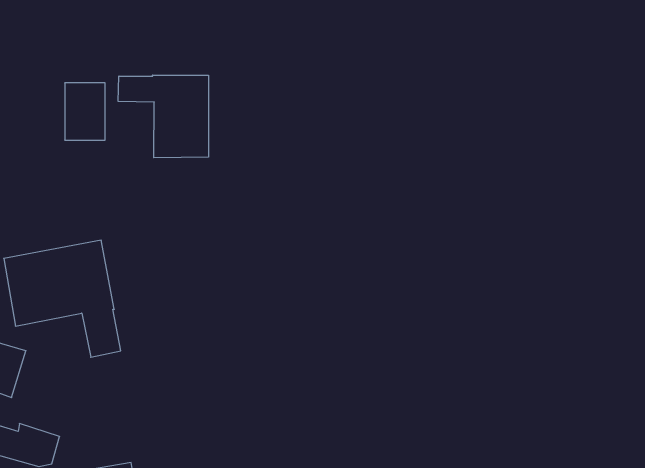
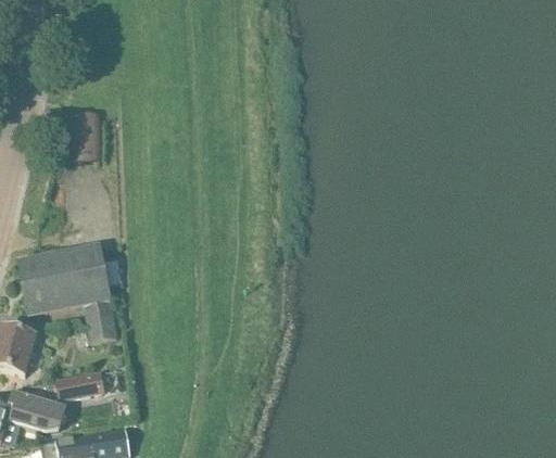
building: [118,75,208,158] -> none
building: none -> [50,371,97,397]

